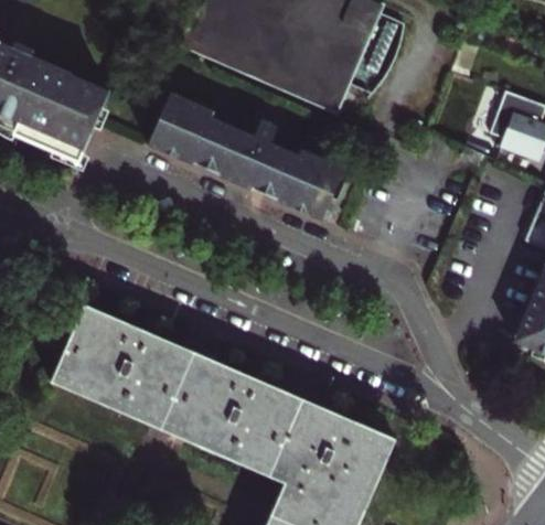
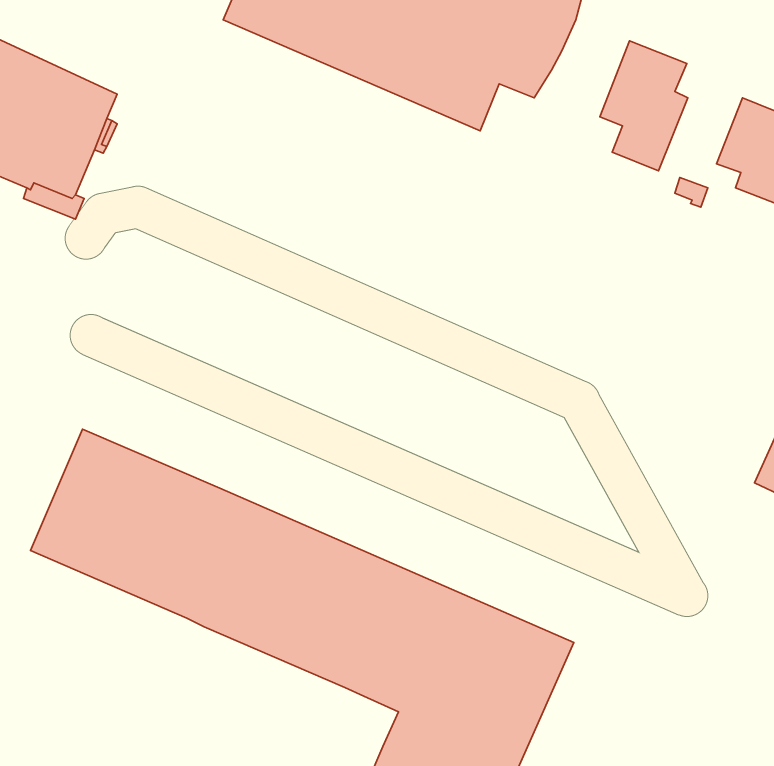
building: none -> [600,41,688,171]
building: [148,96,343,221] -> none

